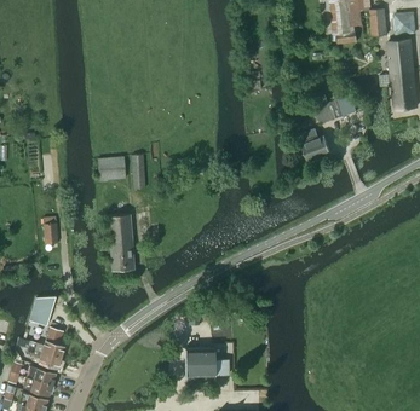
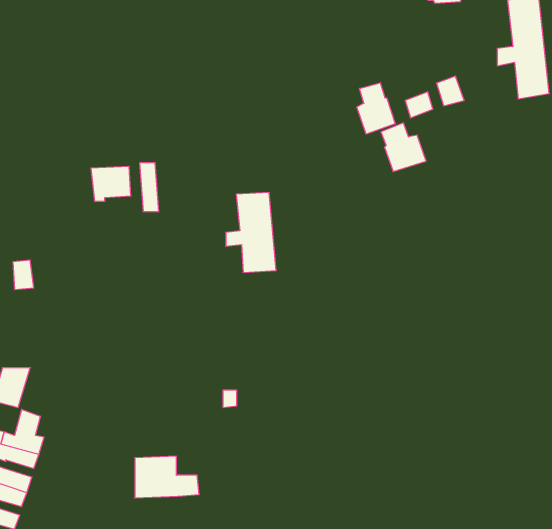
building: none -> [357,83,395,134]
building: [99,214,134,270] -> [226,193,276,272]
building: [184,347,229,376] -> [135,456,199,498]

